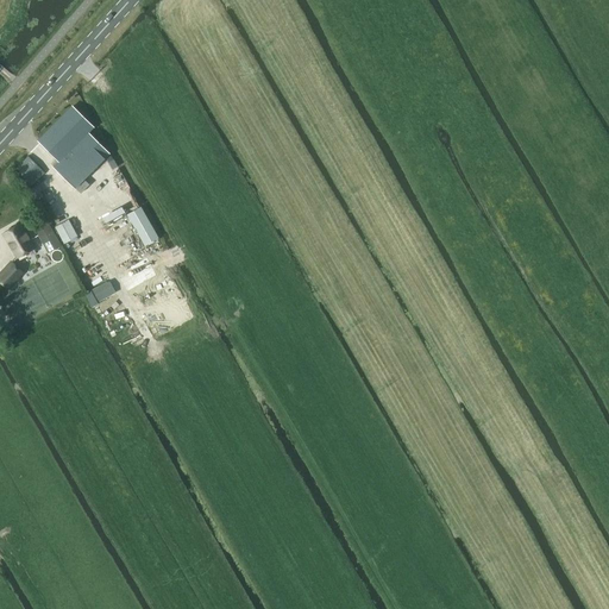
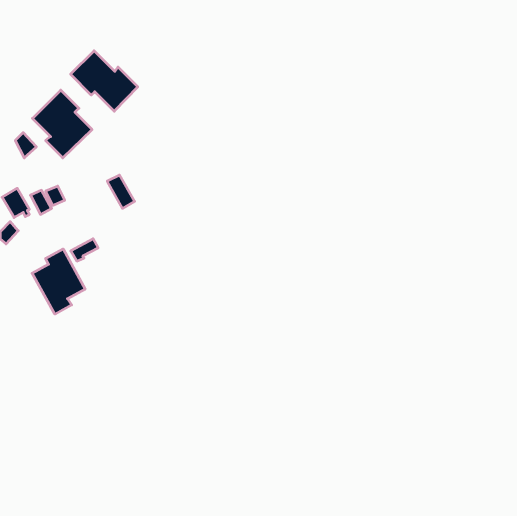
building: none -> [71,51,138,111]
building: none -> [32,249,85,314]

